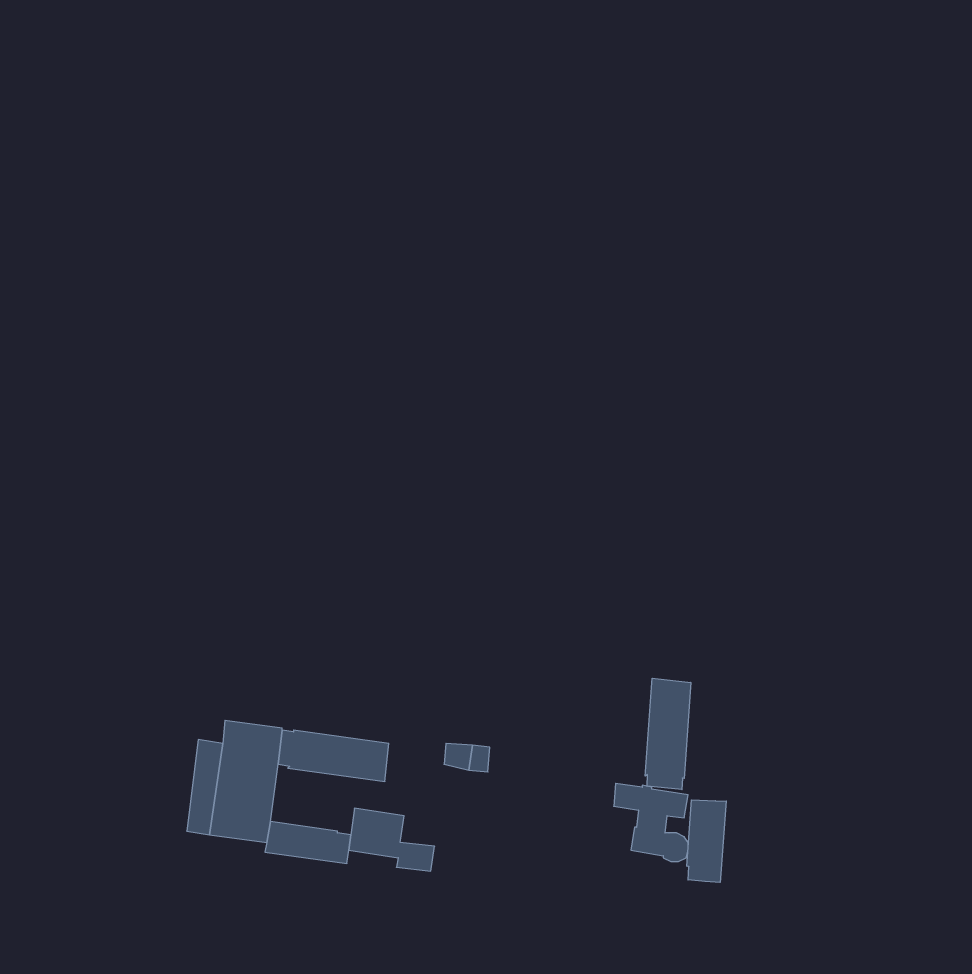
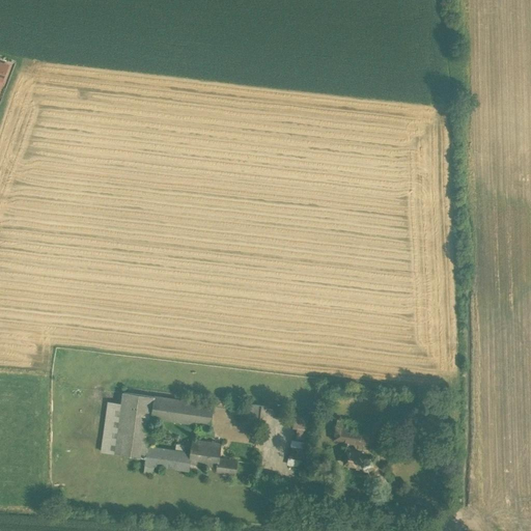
building: [645,678,691,790] -> none
building: [687,800,726,882] -> none

